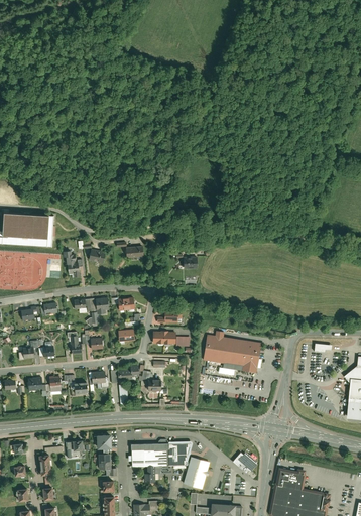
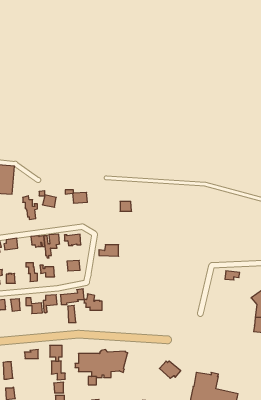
building: [152,331,191,348] -> none
building: [203,331,261,373] -> none
building: [183,457,210,490] -> none

